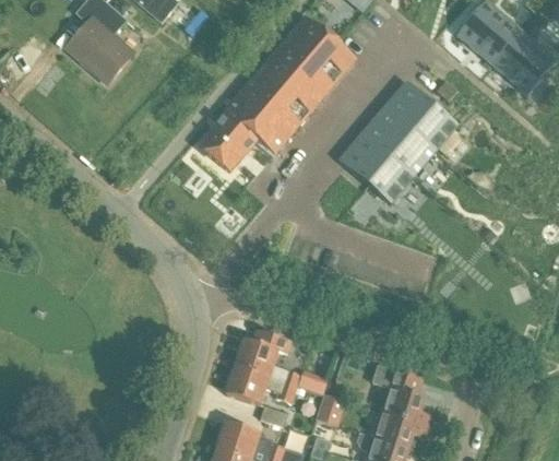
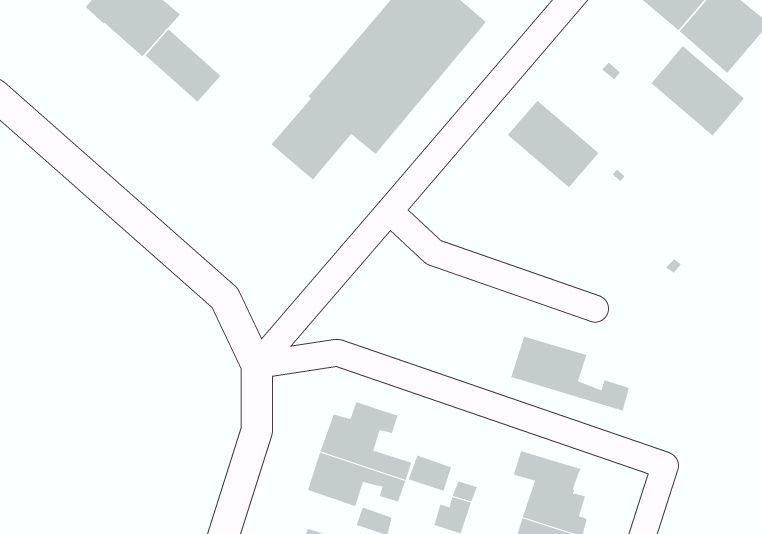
building: none -> [145,29,221,103]
building: [390,86,457,152] -> [650,45,745,137]
building: [345,139,413,204] -> none
building: none -> [511,336,630,411]

